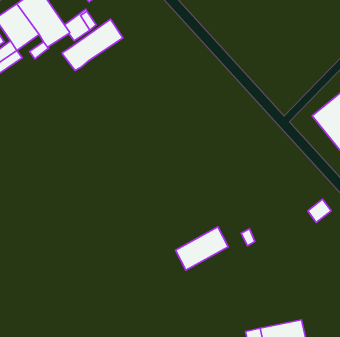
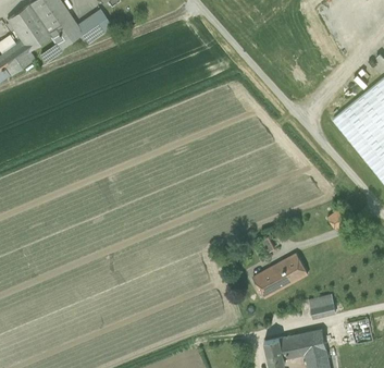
building: [62,19,123,71] -> none
building: [175,227,228,270] -> [253,254,308,298]
building: none -> [309,295,336,318]

